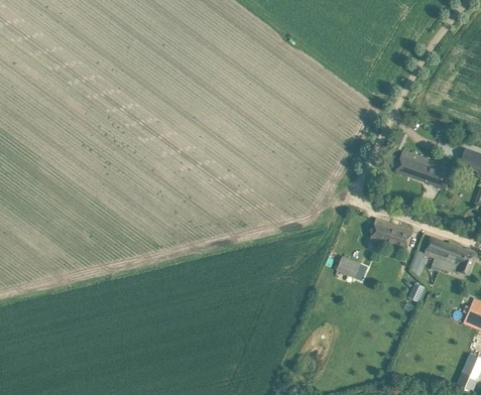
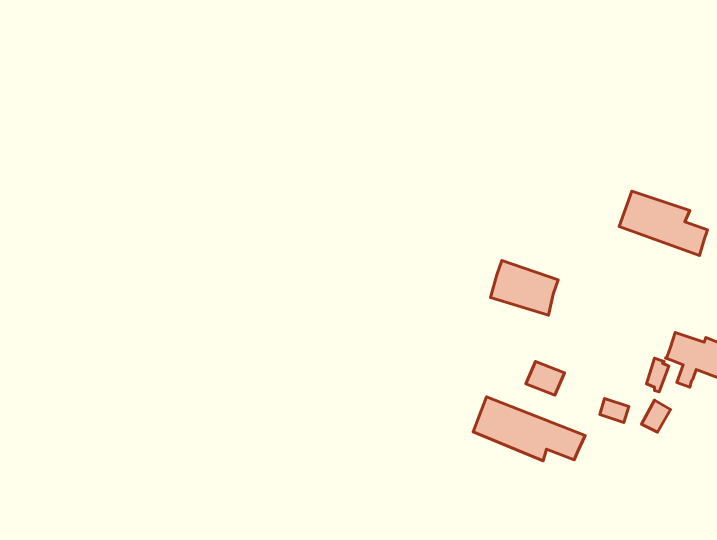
building: [369,219,411,253] -> [491,261,558,315]
building: none -> [473,397,585,461]

